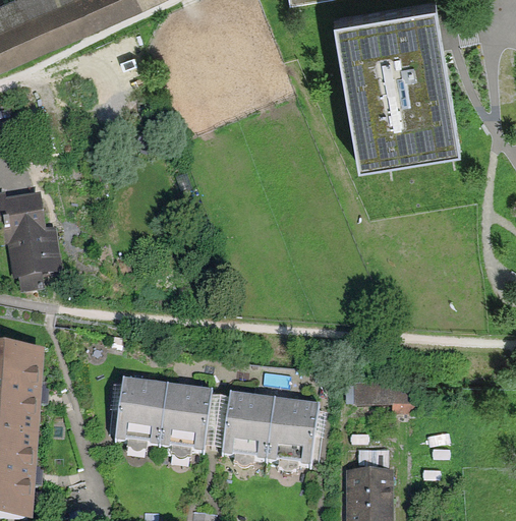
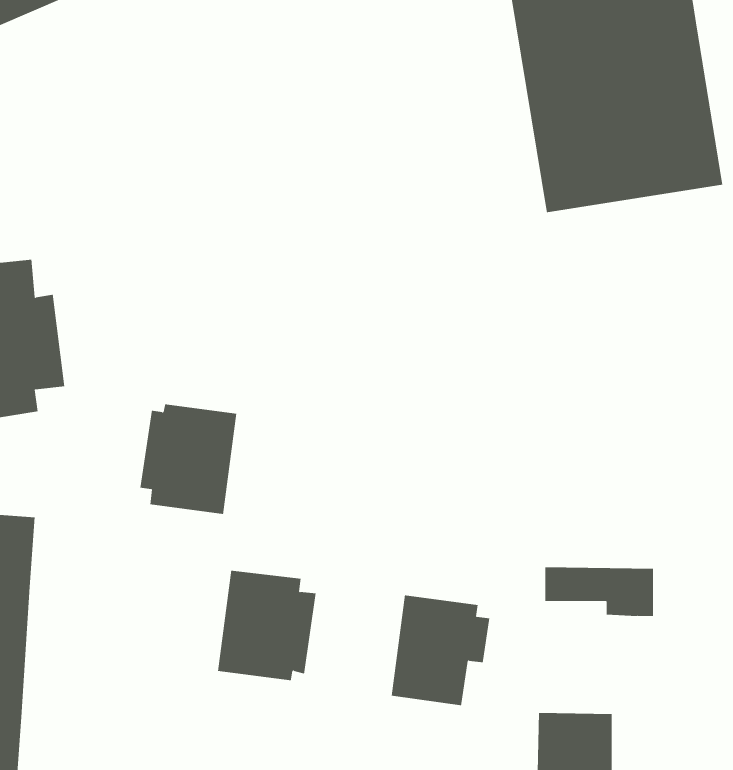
building: [102,377,162,445] -> [140,404,237,514]
building: [208,393,269,460] -> none

